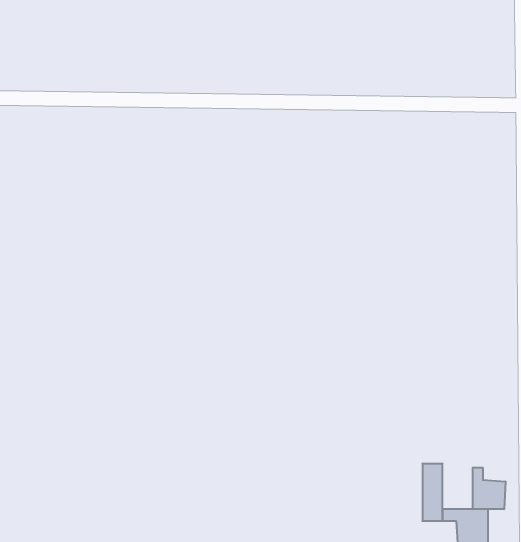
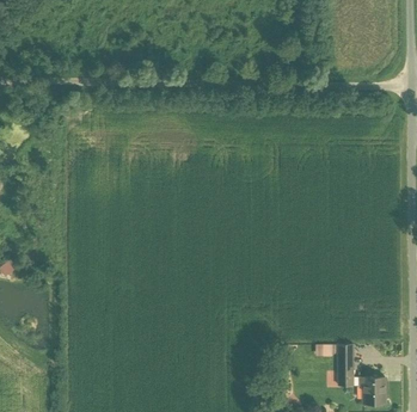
building: [473,468,505,509] -> none

